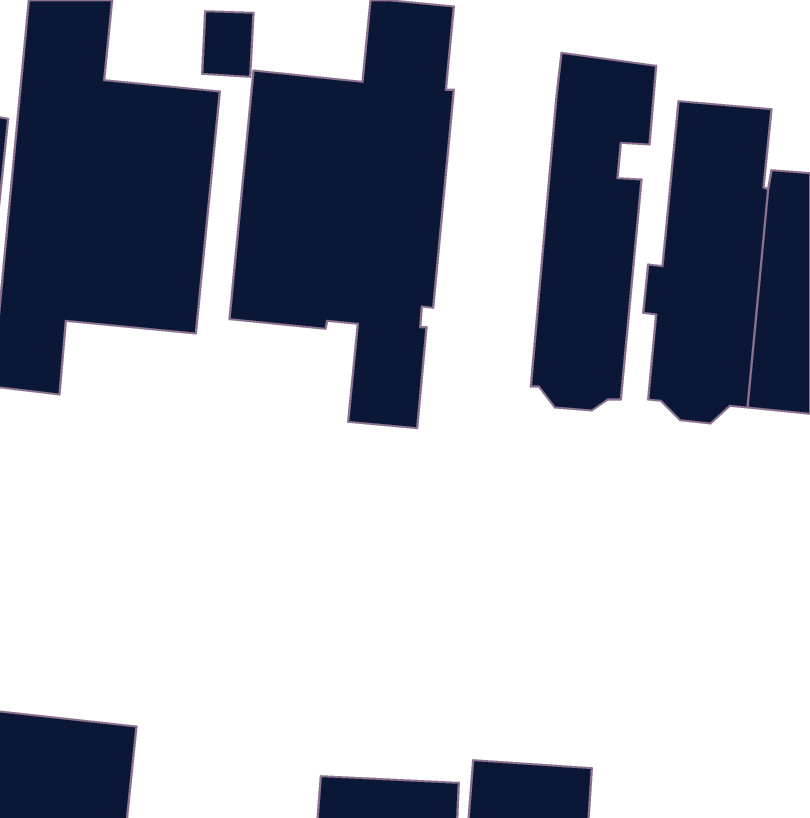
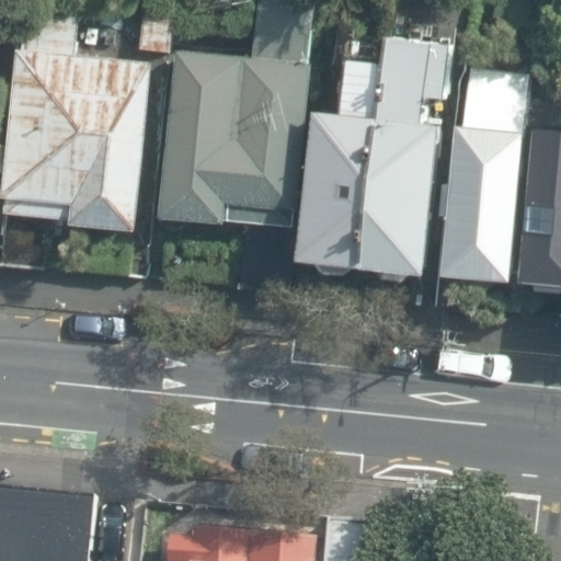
building: none -> [299,64,380,275]

